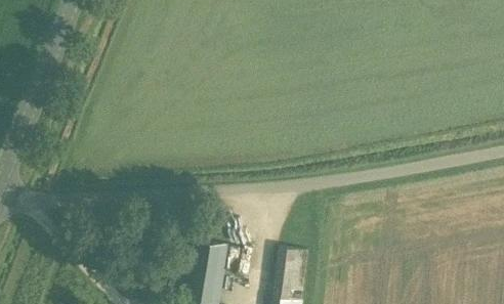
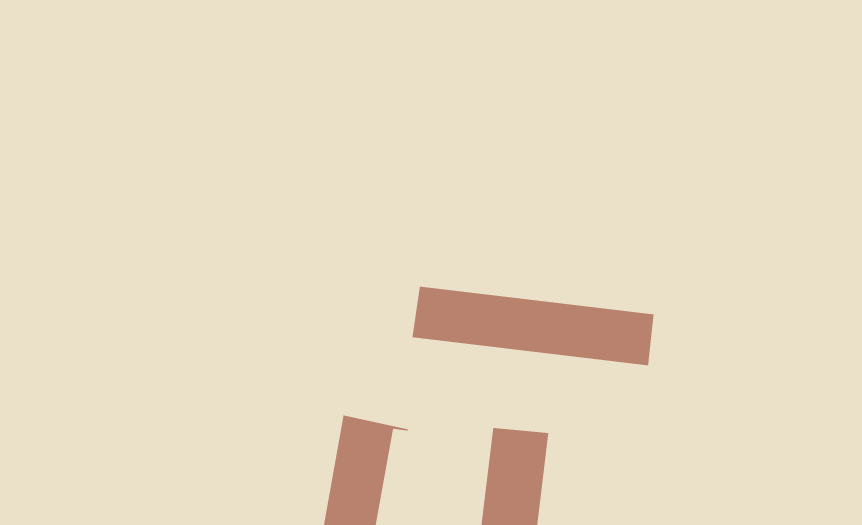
building: none -> [412,286,654,366]

